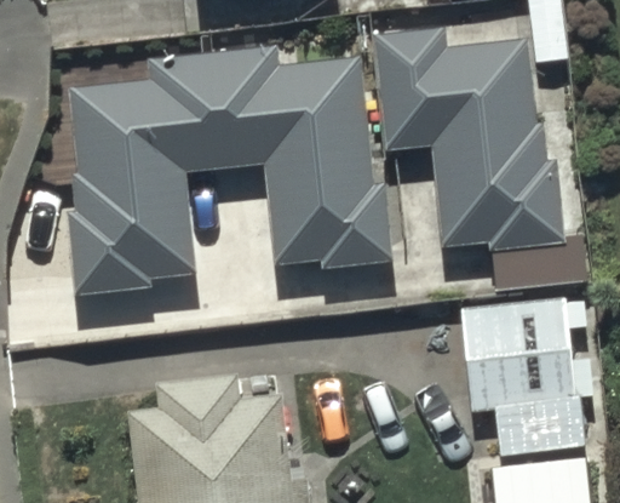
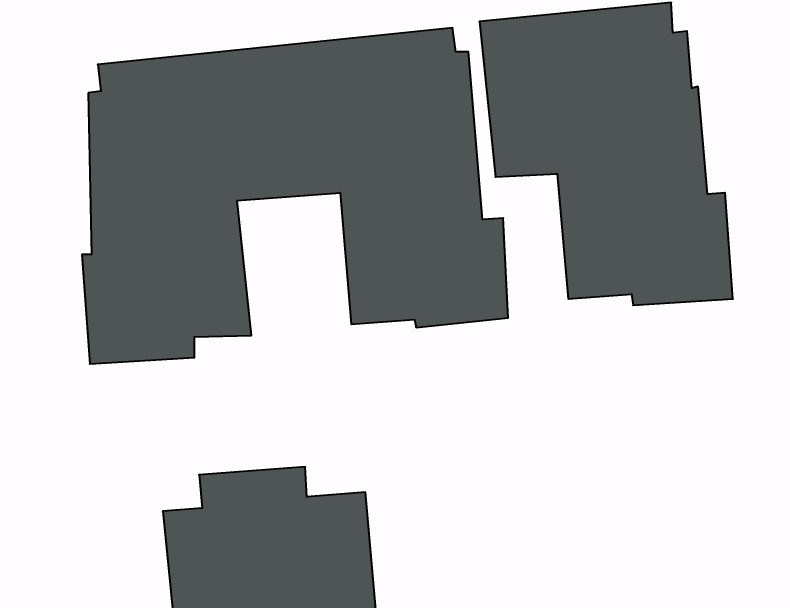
building: [466,302,584,453] -> none

